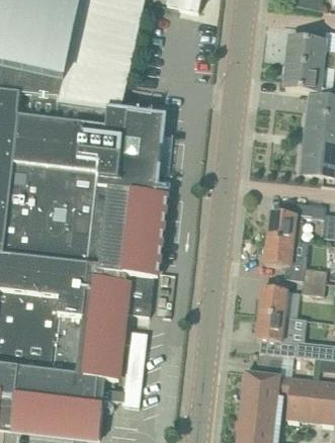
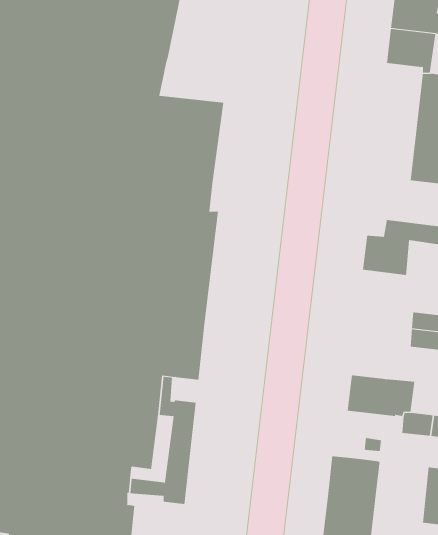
building: [264,237,303,267] -> none
building: [259,287,287,316] -> none
building: [278,375,315,420] -> none

